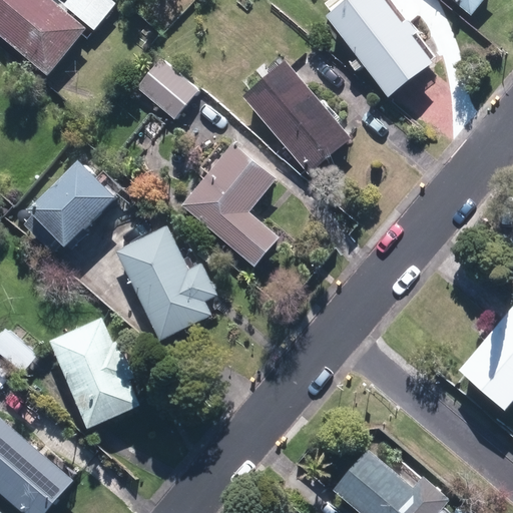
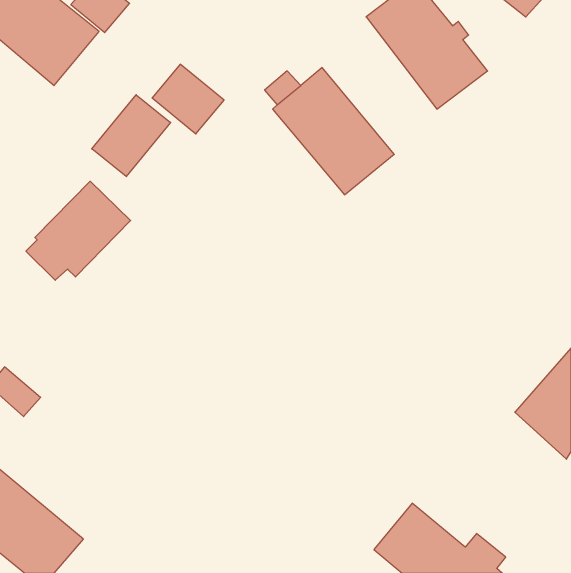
building: none -> [92,95,171,177]
building: [180,142,279,266] -> none
building: [116,225,219,339] -> none
building: [49,317,141,427] -> none

